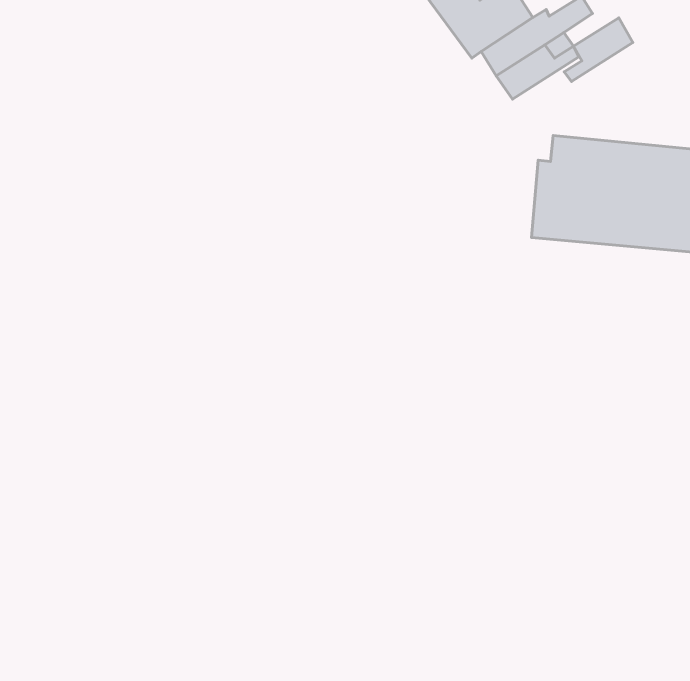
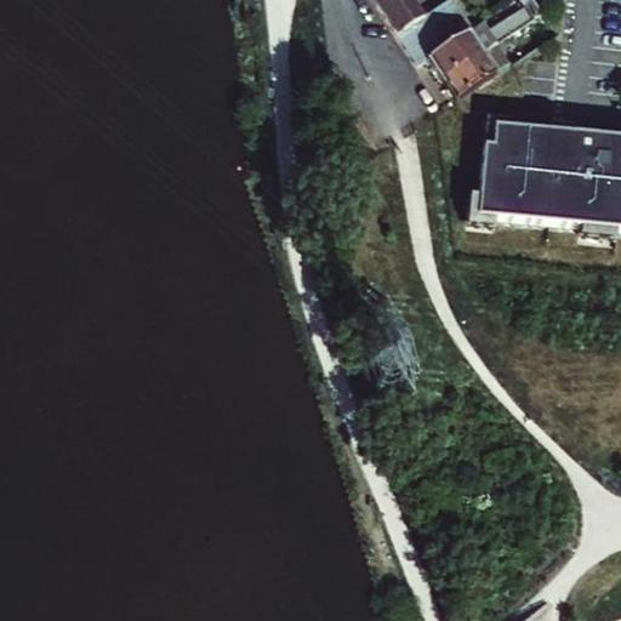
building: [564,18,633,81] -> none

